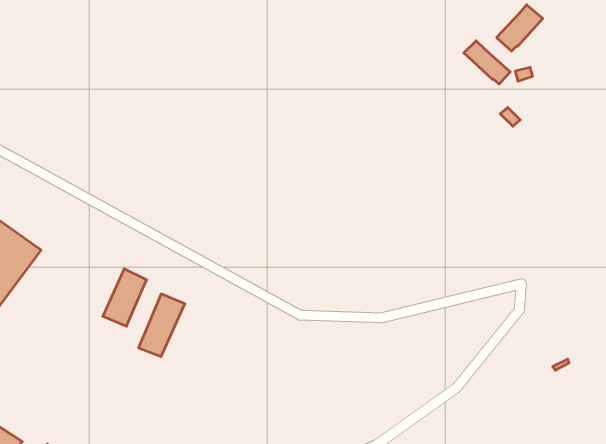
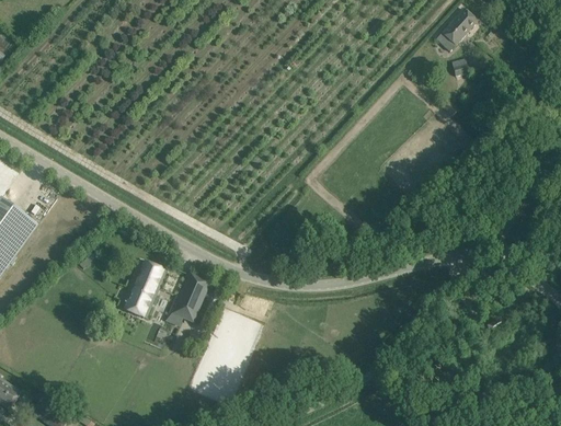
building: [464,41,510,84] -> none
building: [103,269,147,326] -> [170,272,208,322]

